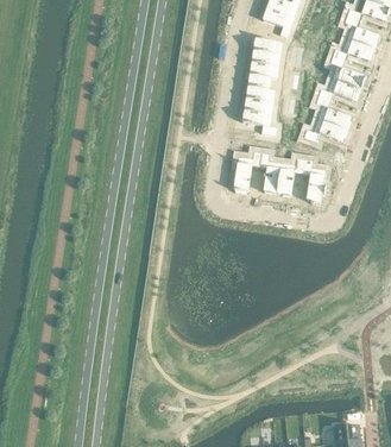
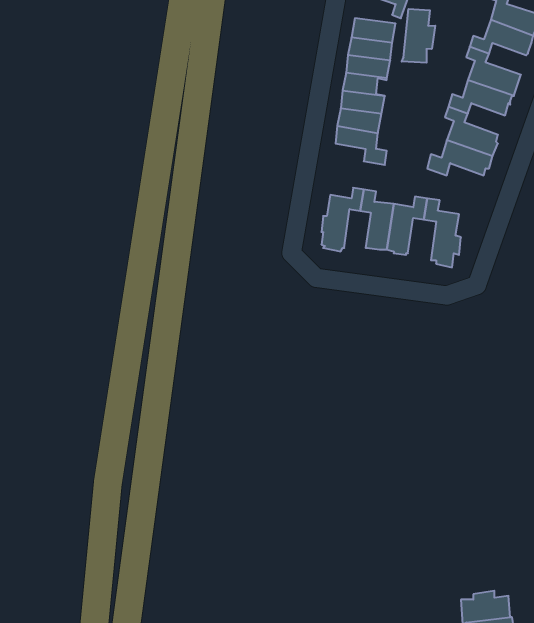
building: none -> [402,9,435,63]

